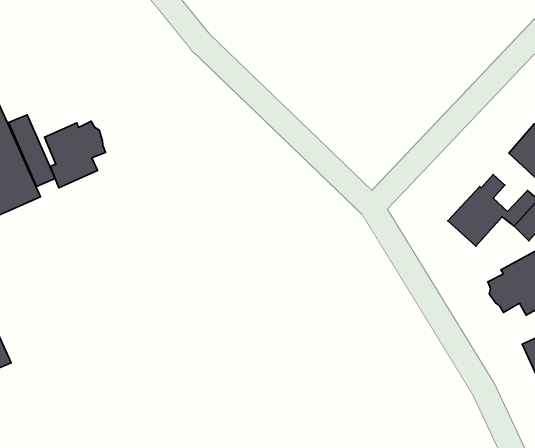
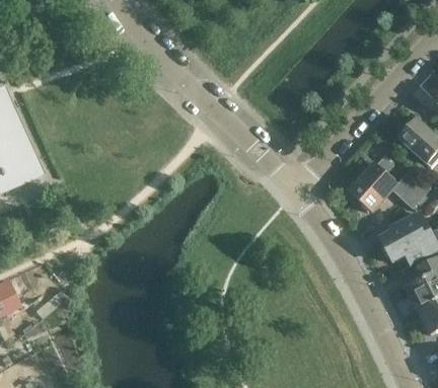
building: [45,121,106,188] -> none

